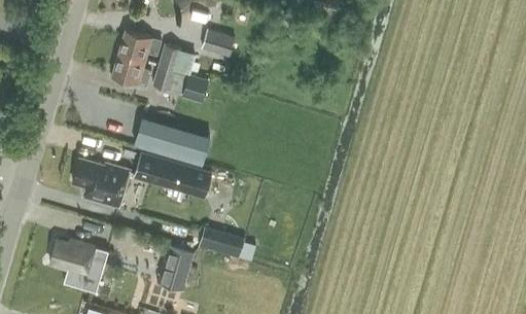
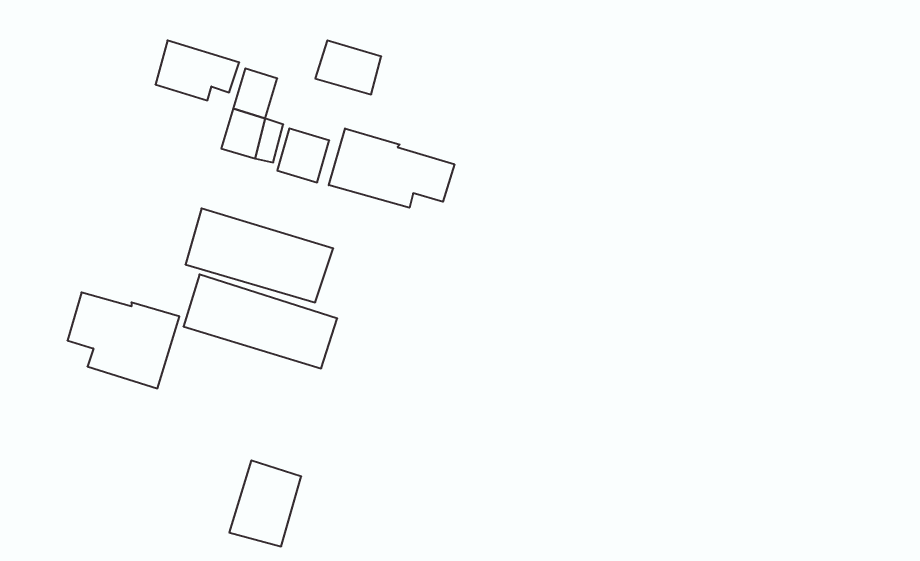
building: [111,53,151,88] -> none
building: none -> [329,128,454,208]
building: [205,222,253,260] -> none
building: [49,240,108,292] -> none

